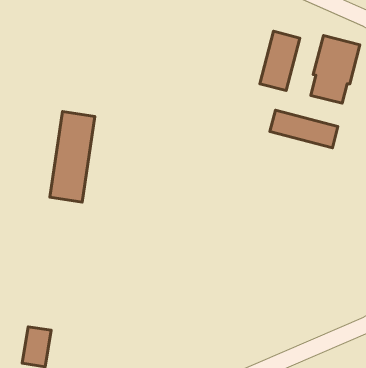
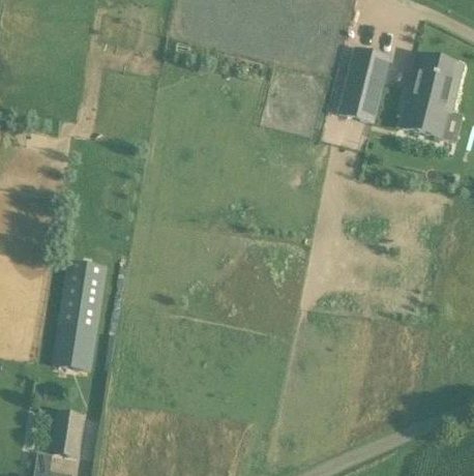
building: [270,110,338,148] -> none
building: [50,112,95,202] -> [52,260,107,370]

